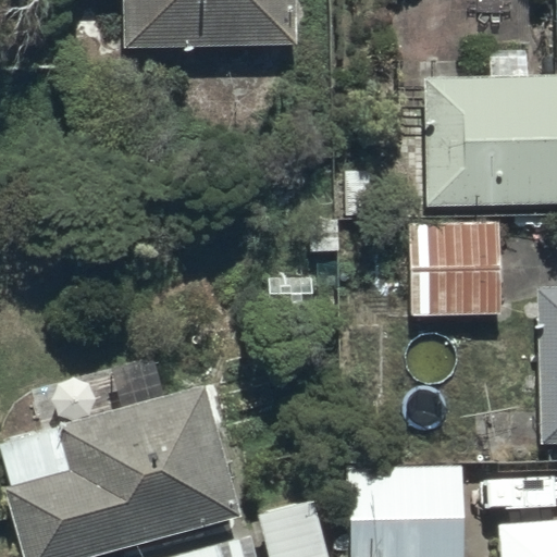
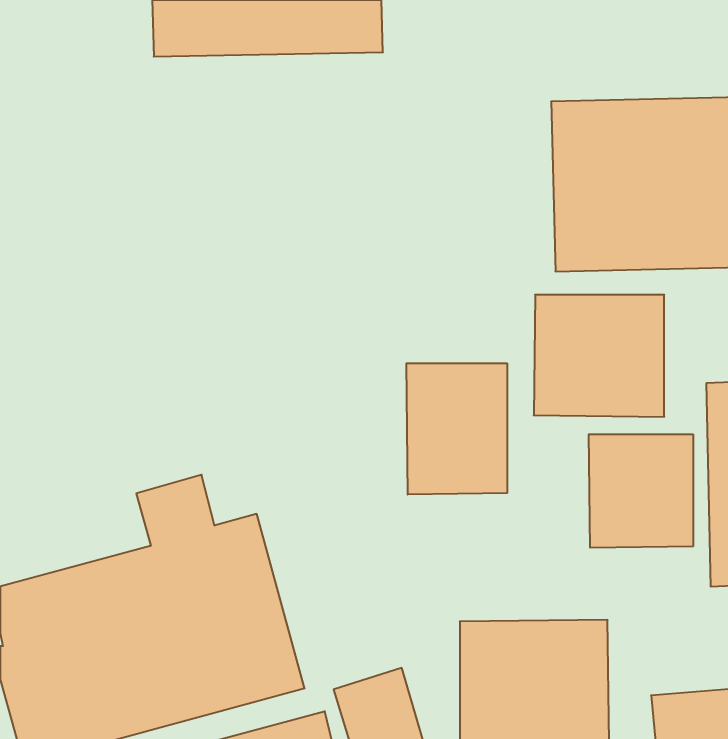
building: none -> [406,363,507,495]
building: none -> [589,434,693,548]

